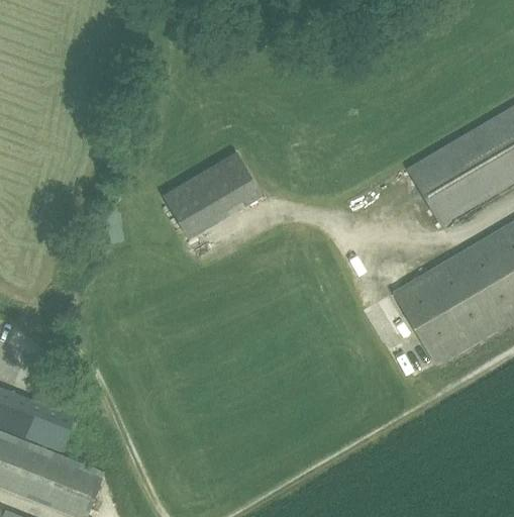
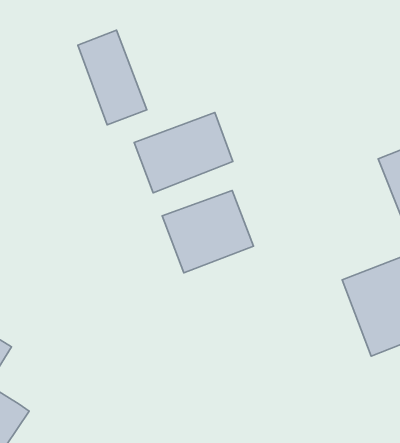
building: none -> [78,30,147,125]
building: none -> [162,190,254,273]

